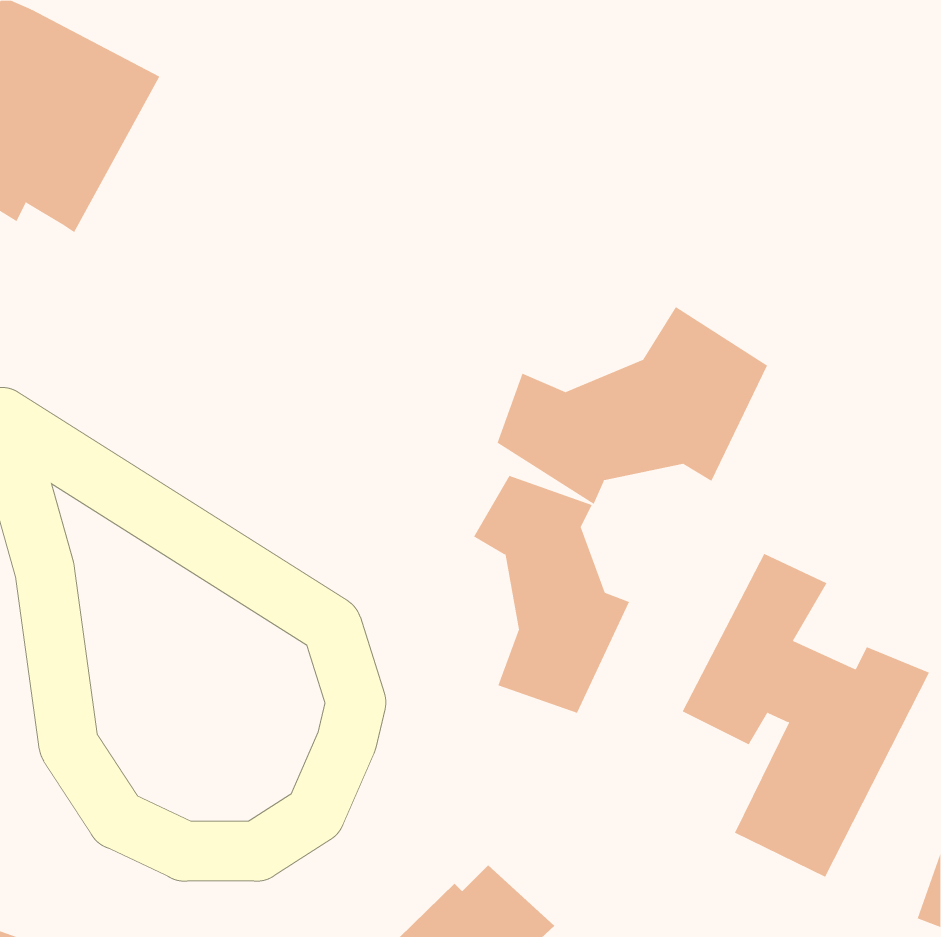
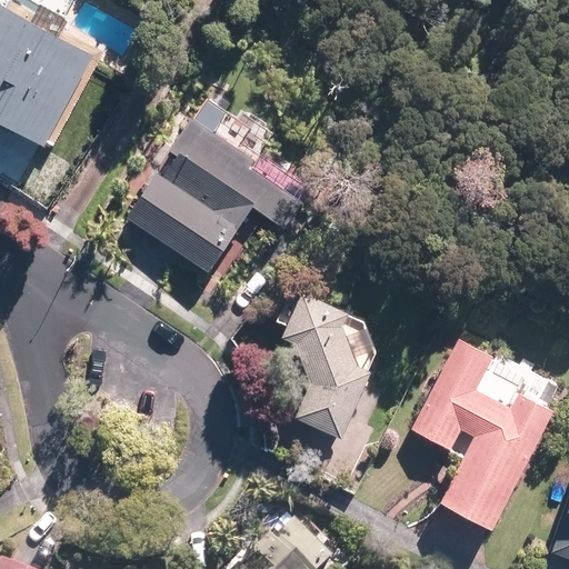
building: none -> [128,119,307,272]
building: [497,306,768,505] -> none

